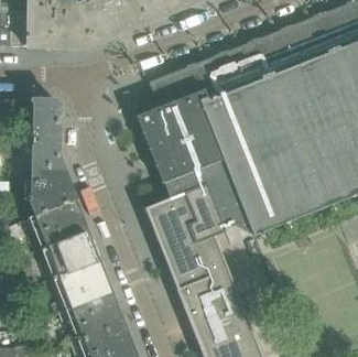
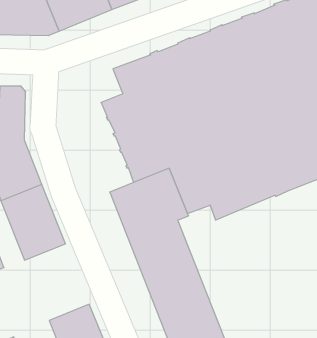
building: [58,260,124,338] -> none

